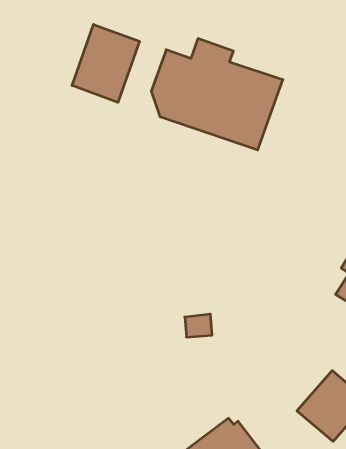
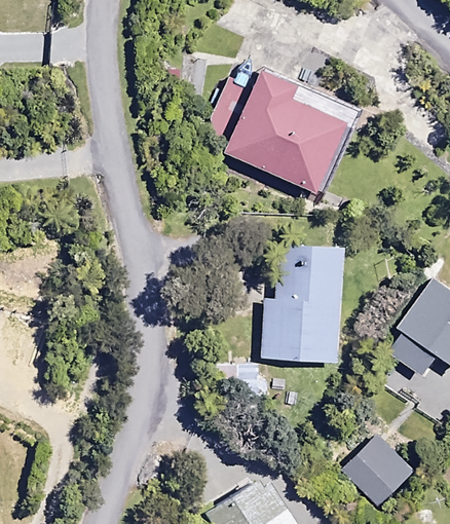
building: [72,24,139,102] -> none
building: none -> [260,242,346,363]

